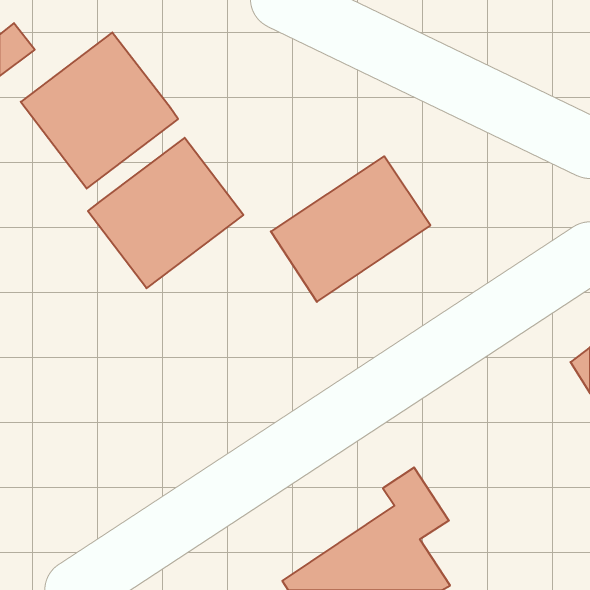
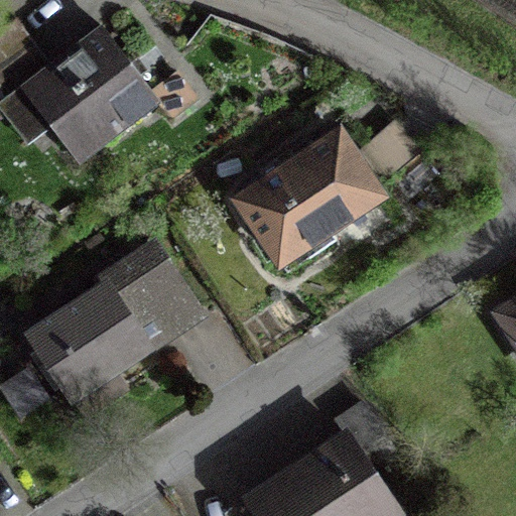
building: [88,138,243,288] -> none
building: none -> [28,247,196,417]

